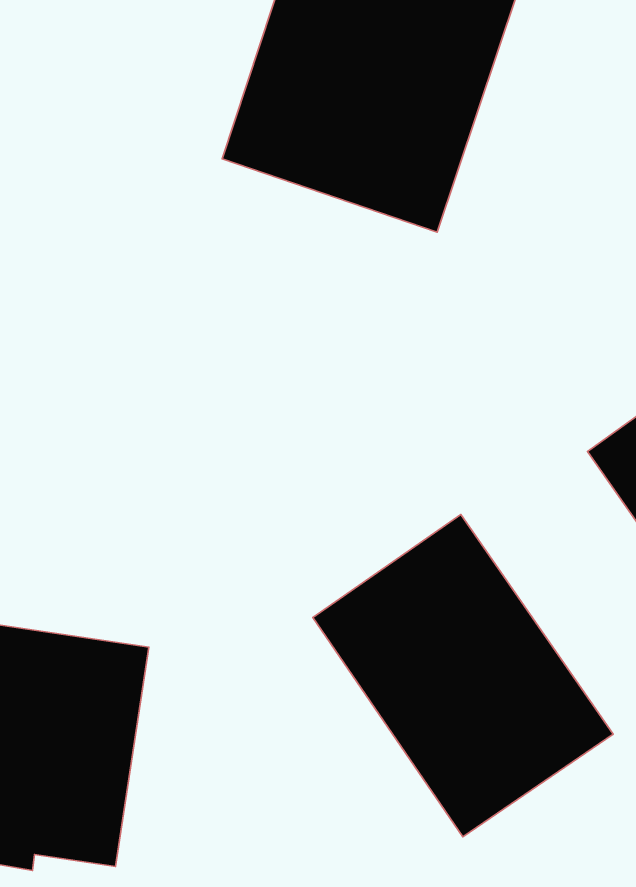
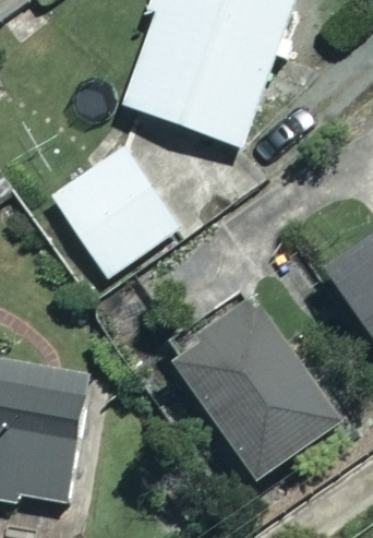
building: none -> [40,144,185,292]

